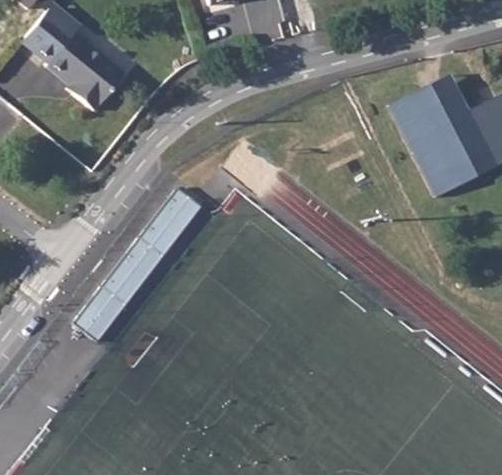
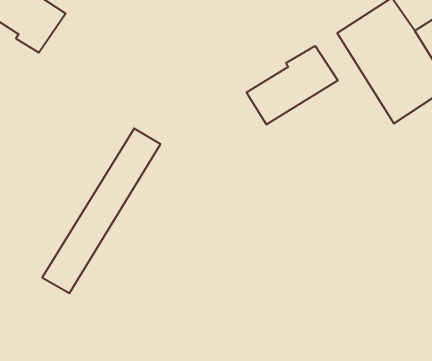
building: none -> [247,46,338,125]

